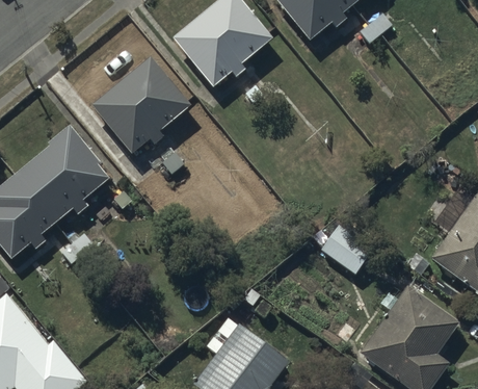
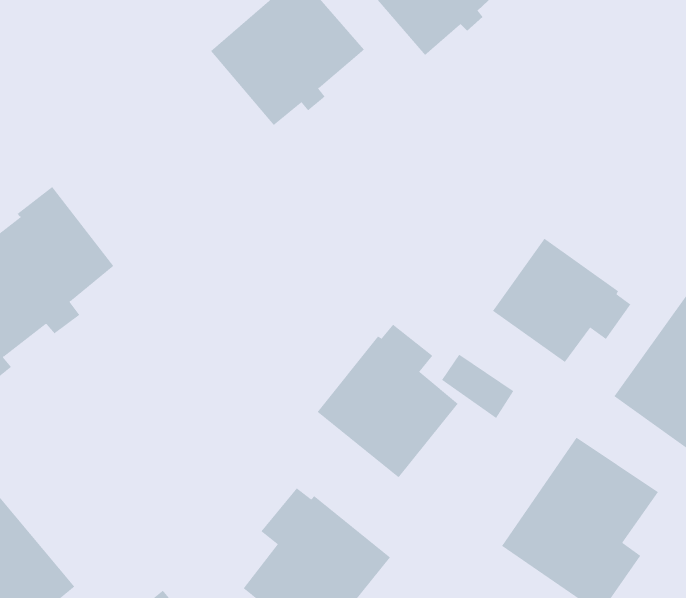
building: [90,56,189,152] -> none
building: none -> [492,238,631,363]
building: none -> [317,324,458,478]

